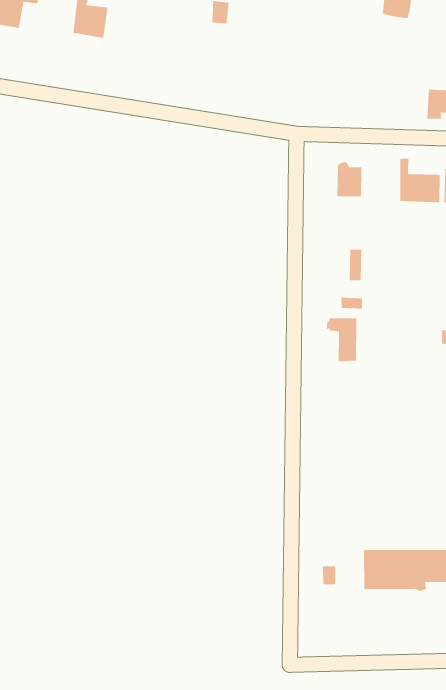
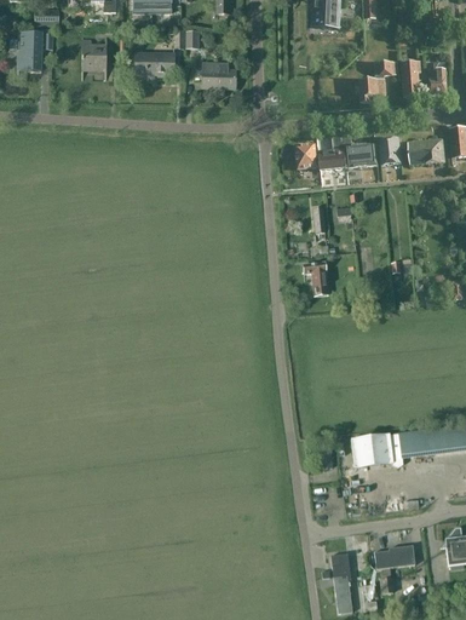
building: none -> [134,53,174,75]
building: none -> [201,62,235,88]
building: none -> [317,134,346,171]

